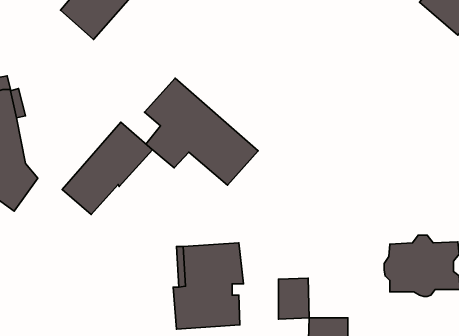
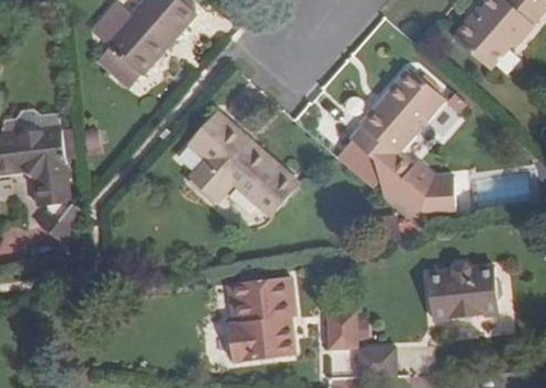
building: none -> [337,70,457,220]
building: [62,122,152,214] -> none

